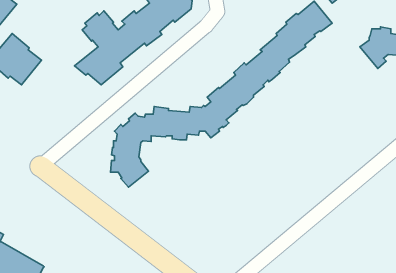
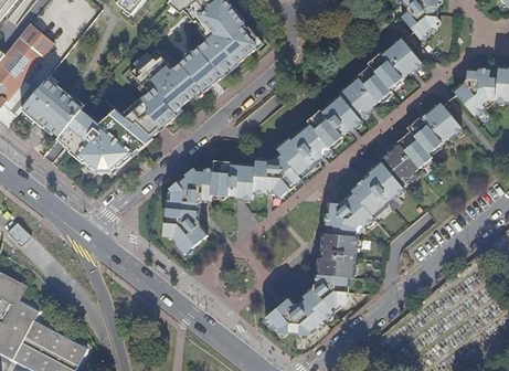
building: none -> [265,103,460,336]
building: none -> [59,107,151,172]

